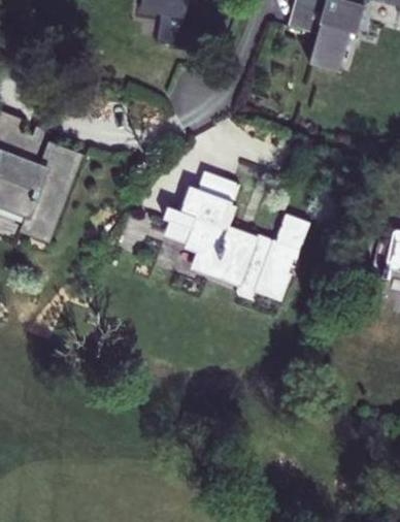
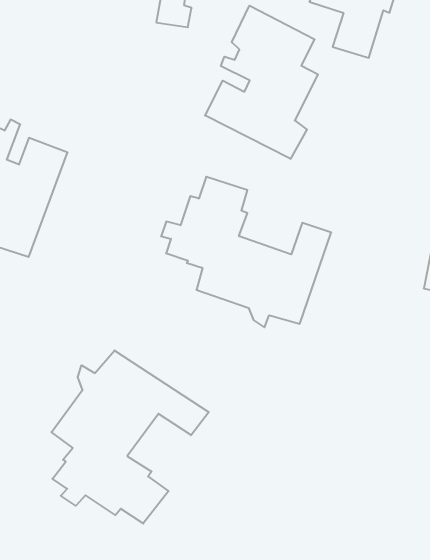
building: none -> [205,6,318,159]
building: none -> [51,350,209,524]

